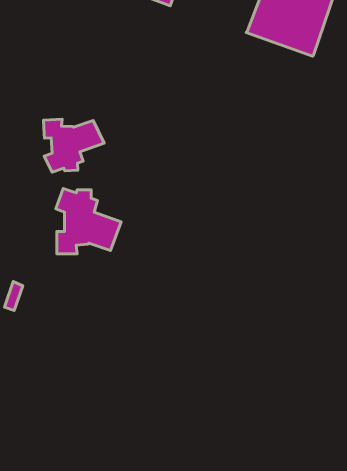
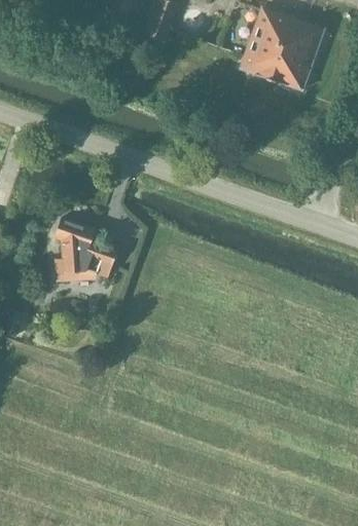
building: [43,119,104,172] -> none

